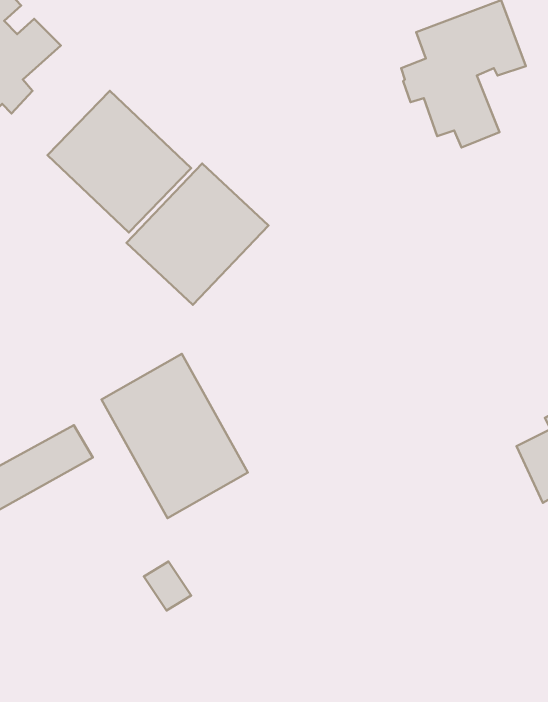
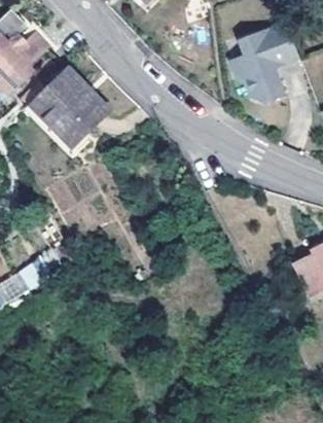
building: [126,163,269,305] -> none
building: [101,354,248,518] -> none

